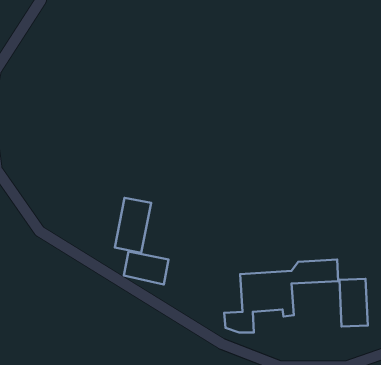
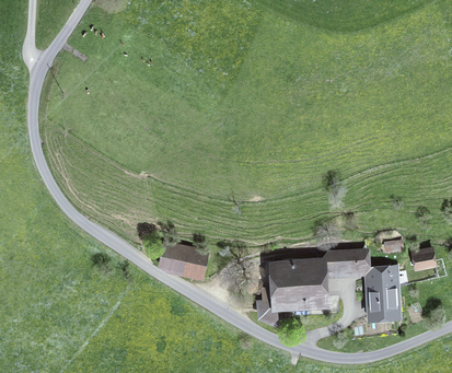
building: [115,198,151,253] -> none

